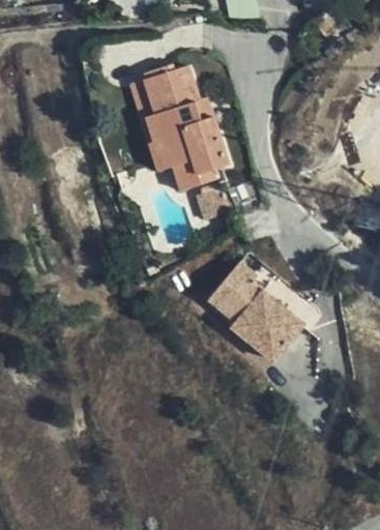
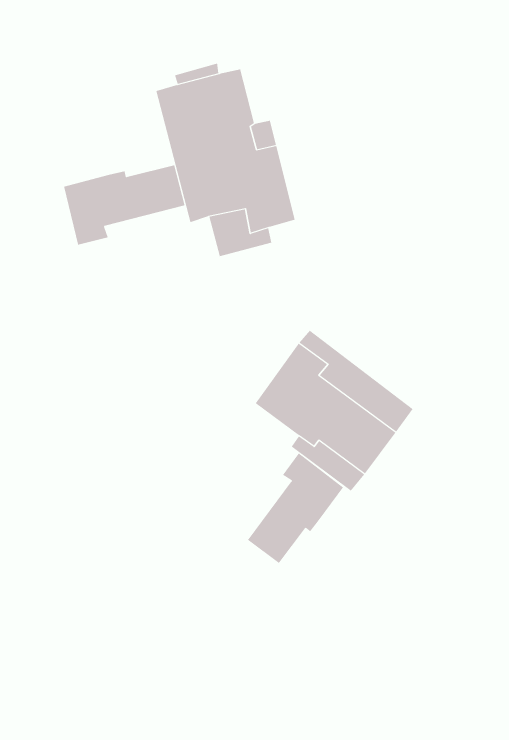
building: none -> [63,164,185,246]
building: none -> [247,453,344,564]

